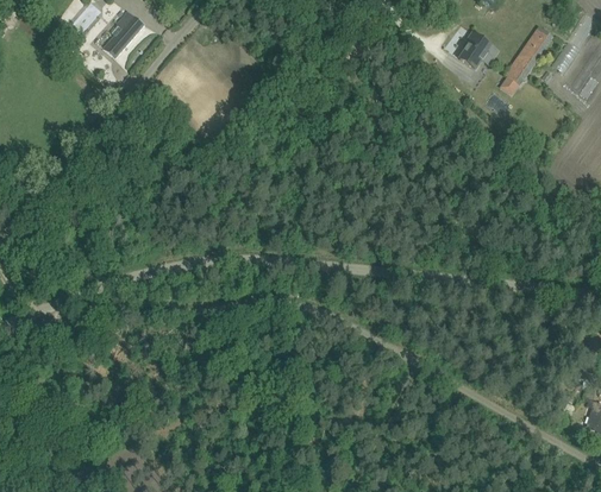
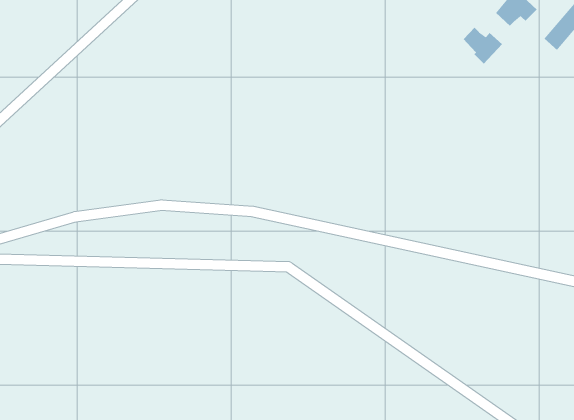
building: none -> [463,27,503,65]

